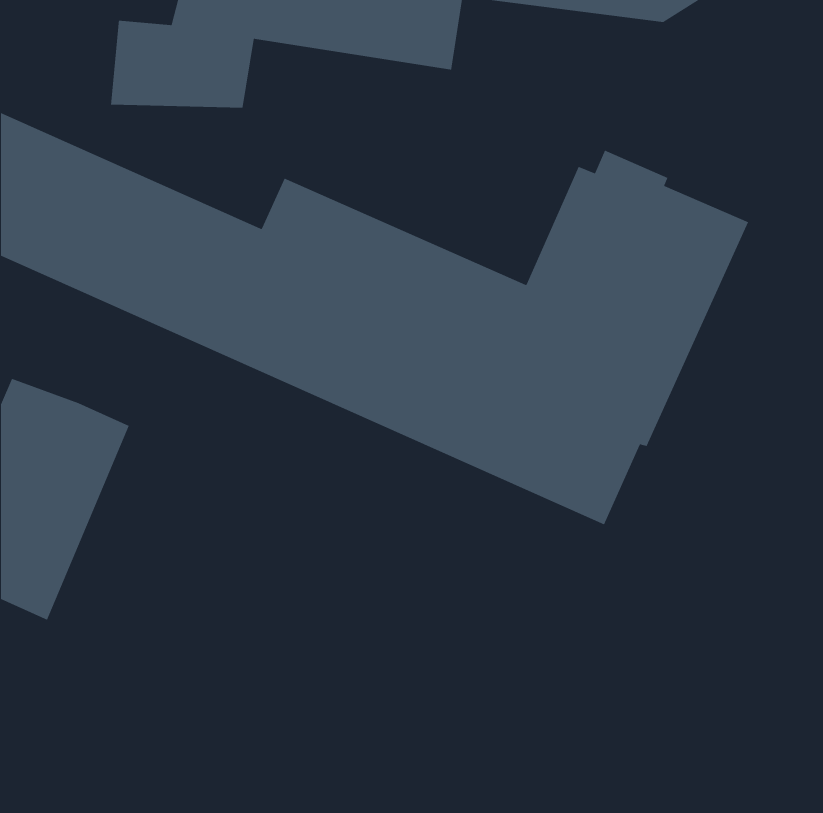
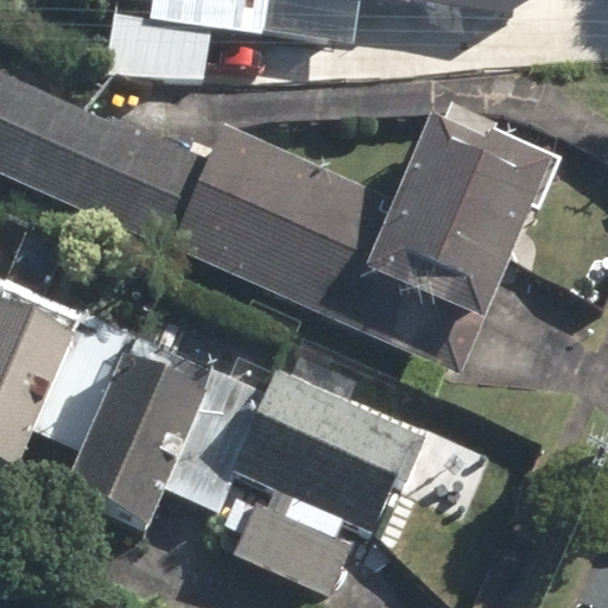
building: none -> [94,336,234,507]
building: none -> [253,353,448,581]

